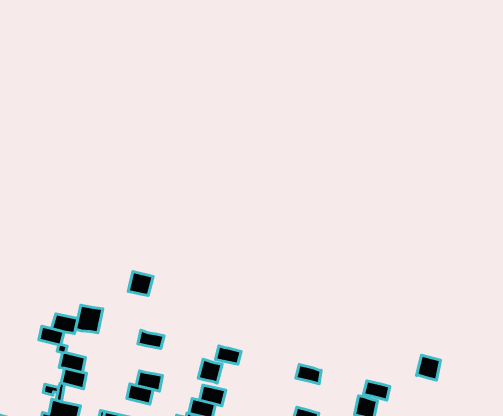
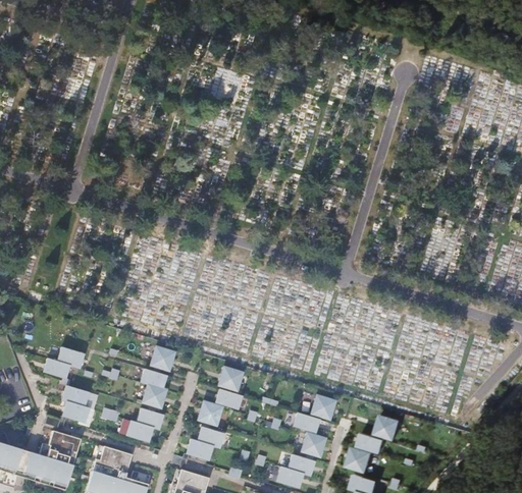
building: [128,271,153,295] -> [150,346,175,371]
building: [76,305,103,333] -> none
building: none -> [218,367,243,391]
building: none -> [143,384,166,408]
building: none -> [311,395,335,420]
building: [416,355,440,380] -> [376,415,401,440]
building: none -> [301,433,325,457]

